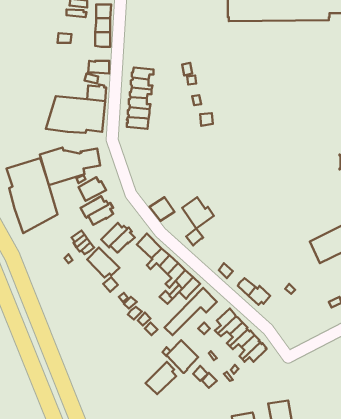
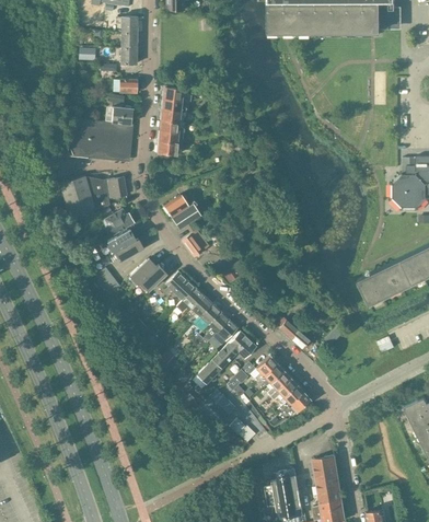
building: [6,158,58,233] -> none
building: [182,197,214,229] -> [163,195,198,230]
building: [87,247,119,278] -> none
building: [145,362,176,394] -> none

